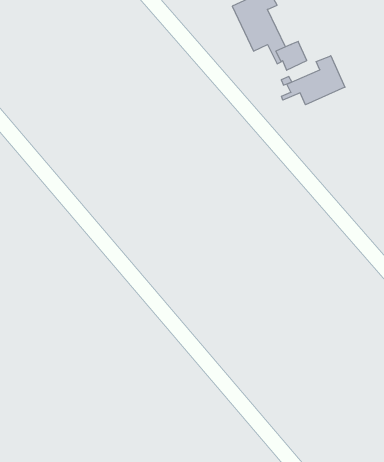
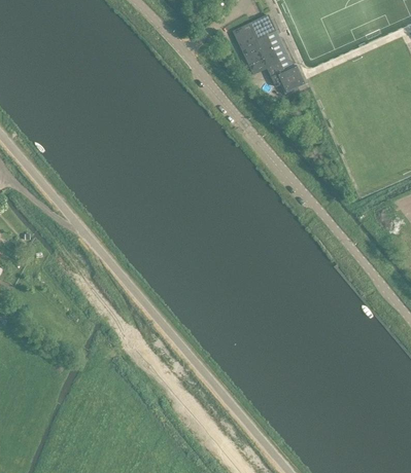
building: [281,56,345,105] -> none

